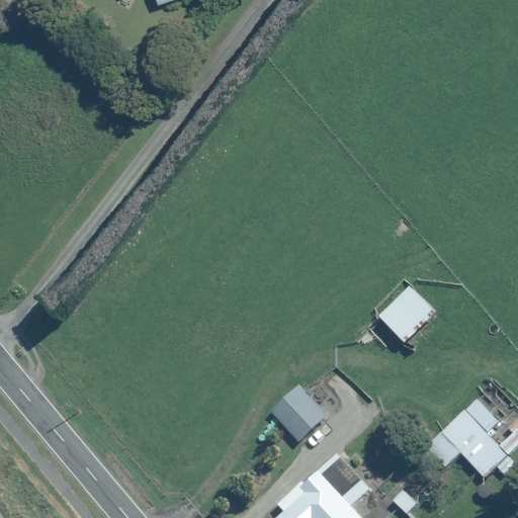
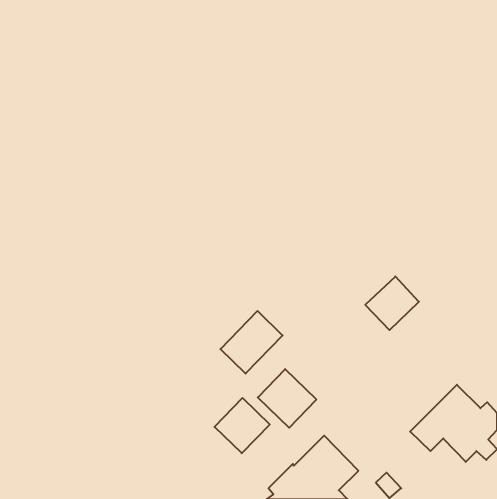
building: none -> [220,311,283,374]
building: none -> [214,398,270,453]

